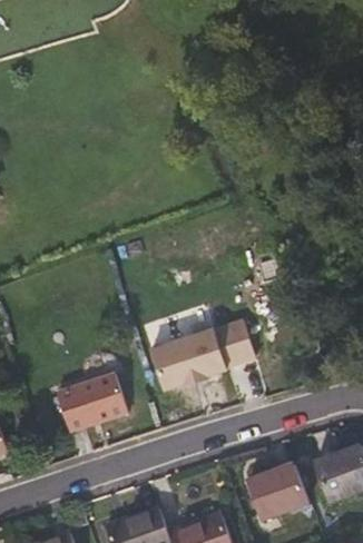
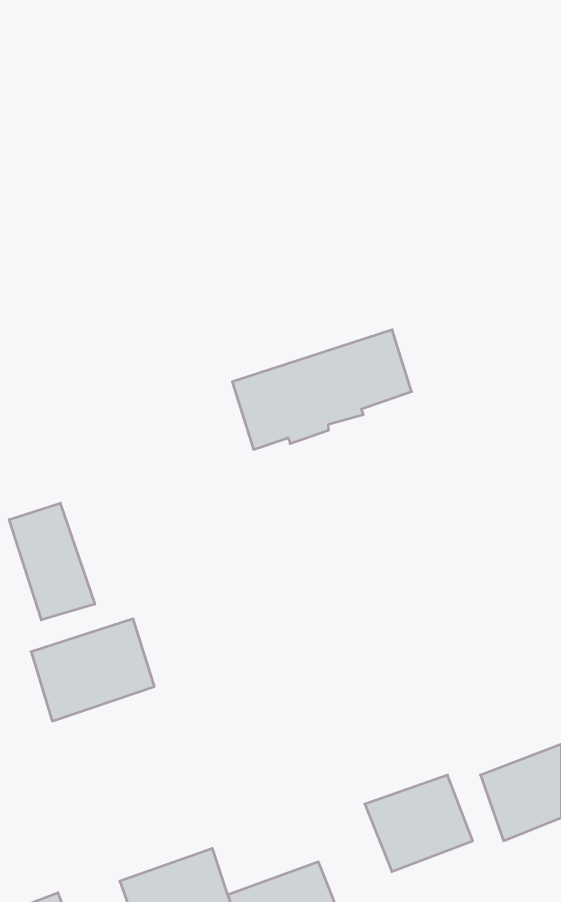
building: none -> [9,503,95,620]
building: [150,322,254,391] -> [232,330,412,449]

